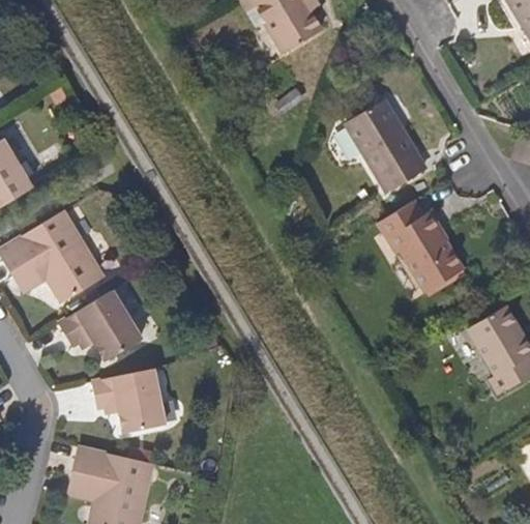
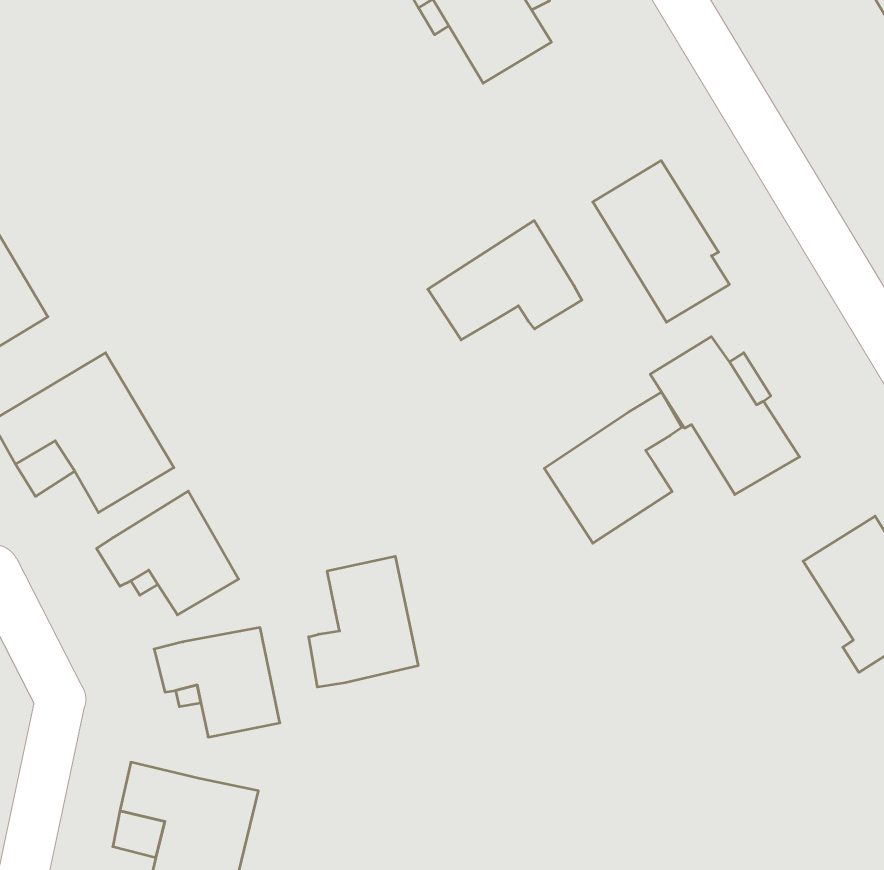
building: none -> [428,221,582,340]
building: none -> [544,392,682,543]
building: none -> [309,556,418,687]

